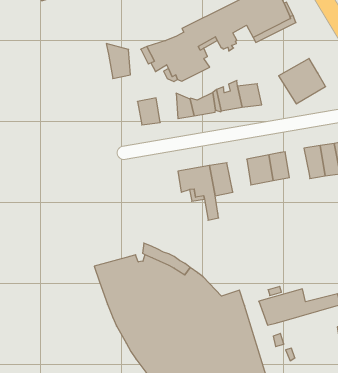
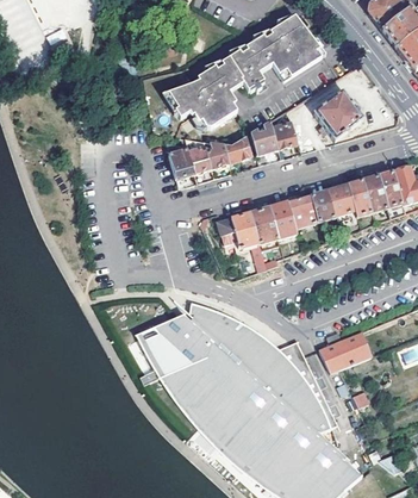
building: [106,44,130,79] -> [185,137,213,173]
building: none -> [329,183,356,216]
building: none -> [269,201,298,237]

